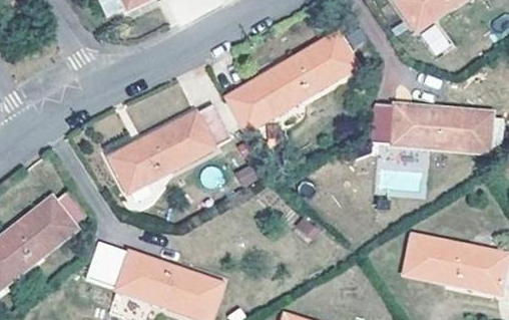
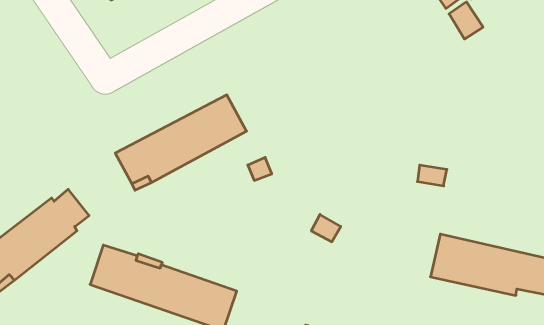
building: [225,33,356,132] -> none
building: [372,103,491,151] -> none

